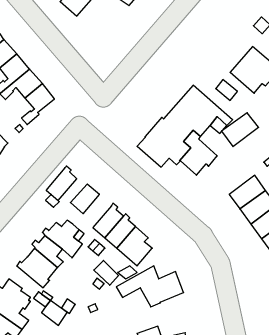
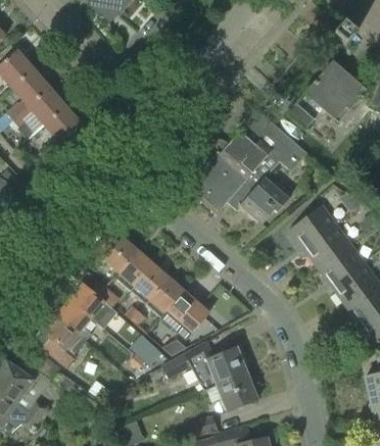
building: [222,113,259,147] -> [290,205,337,248]
building: [46,166,77,201] -> [115,246,154,290]
building: none -> [217,373,256,411]

